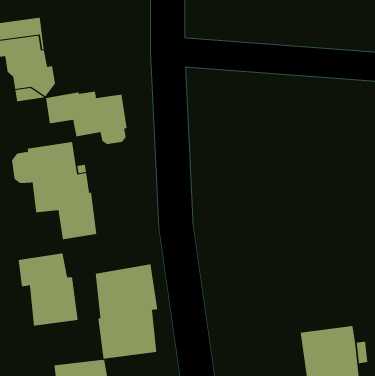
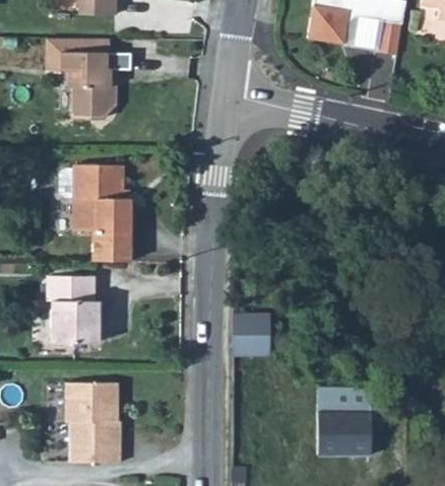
building: [46,91,127,145] -> none
building: [95,264,158,360] -> none
building: none -> [231,315,267,354]

